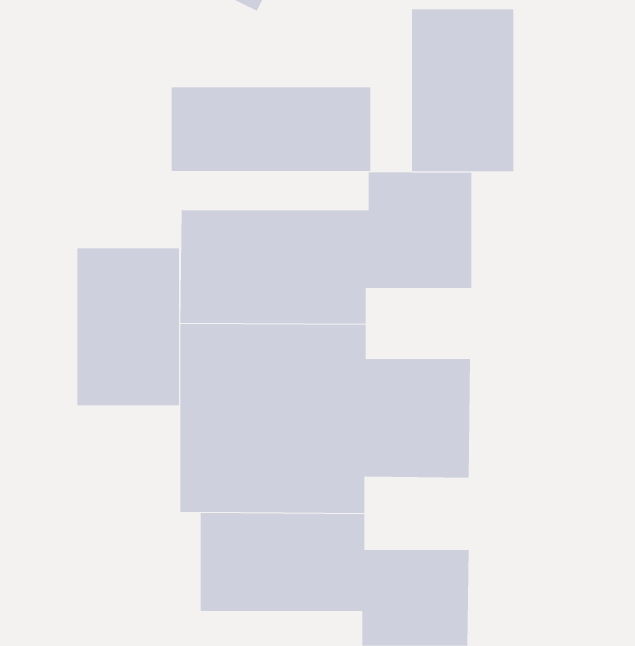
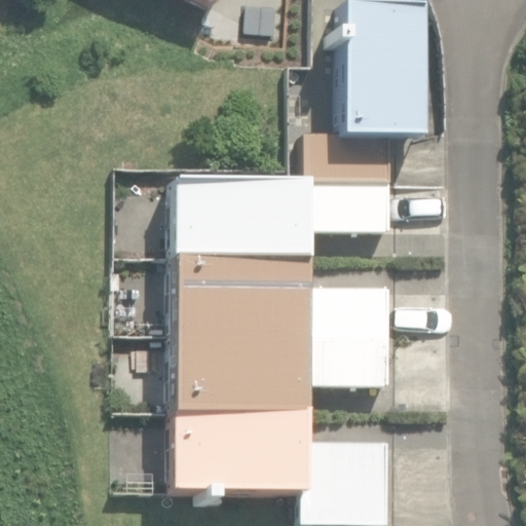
building: [171,86,371,172] -> none
building: [77,247,179,406] -> none

